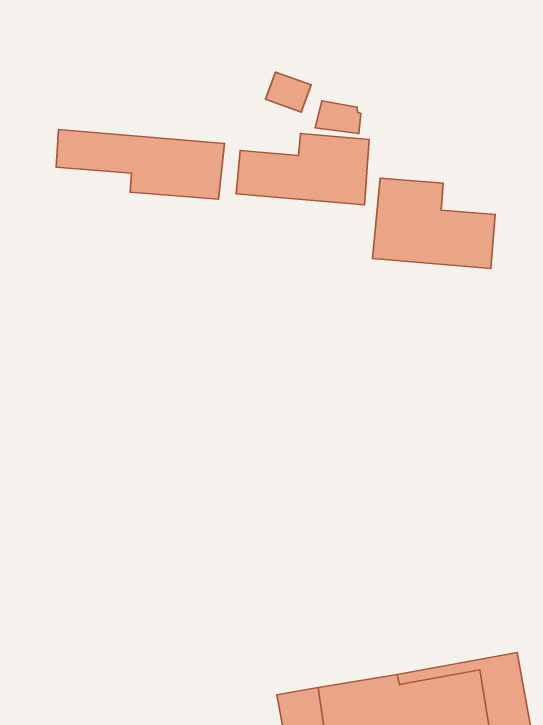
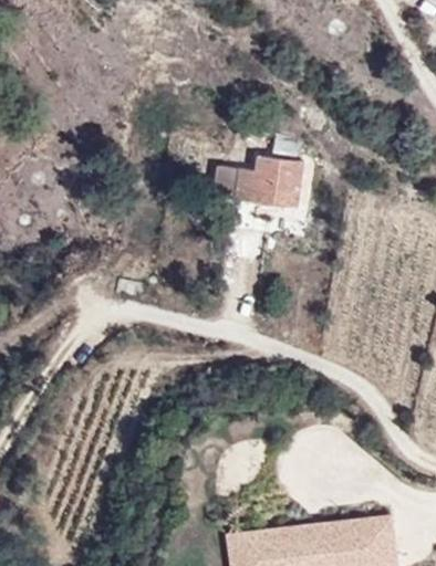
building: [56,130,224,199] -> none
building: [373,178,495,269] -> none

